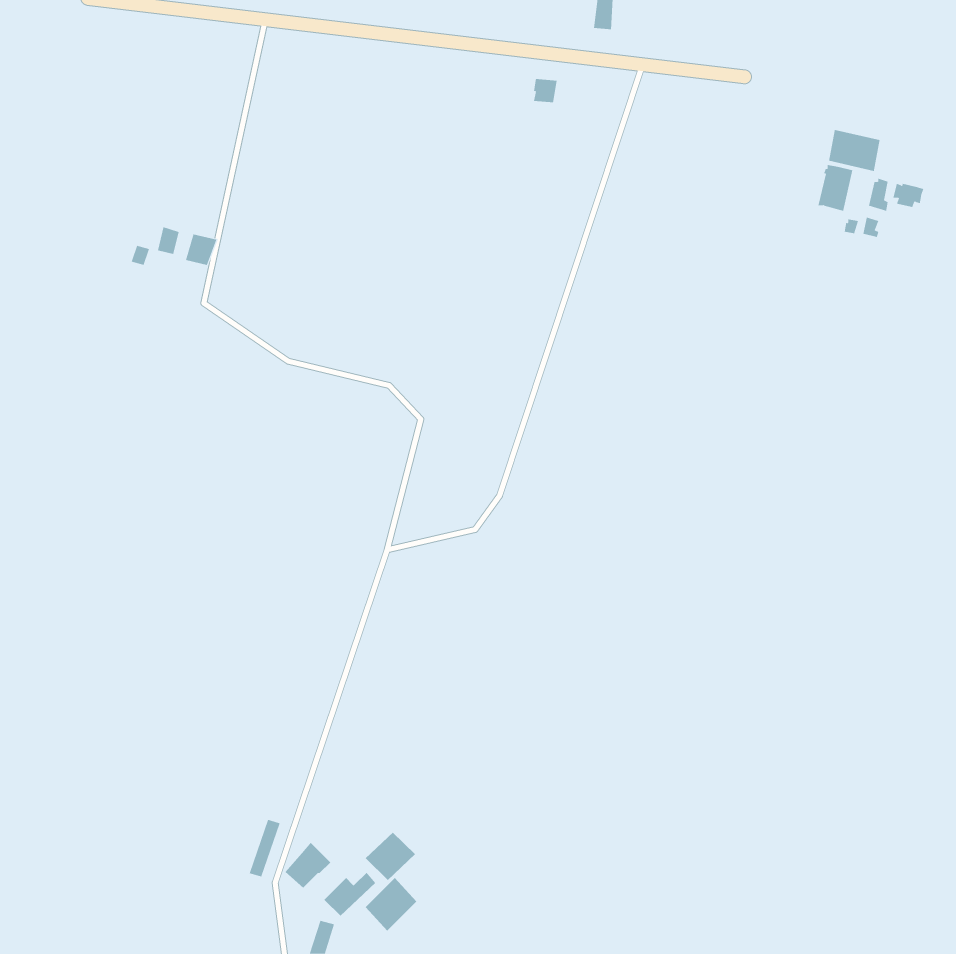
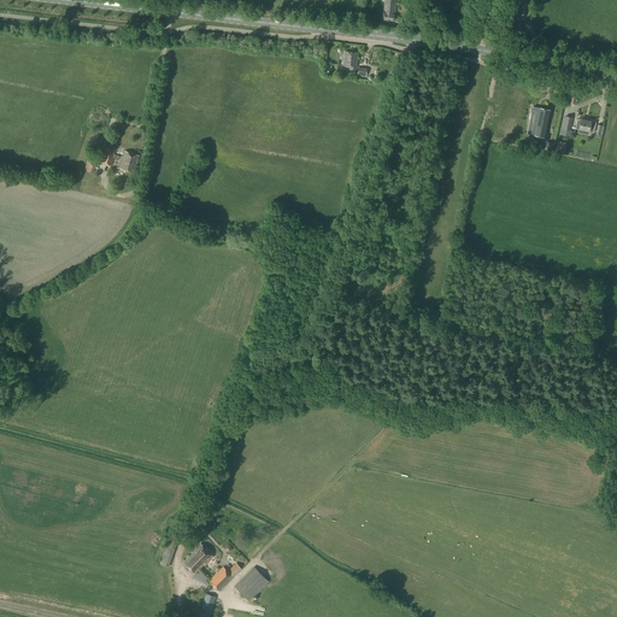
building: [829,129,880,172] -> none
building: [365,832,416,881] -> none

